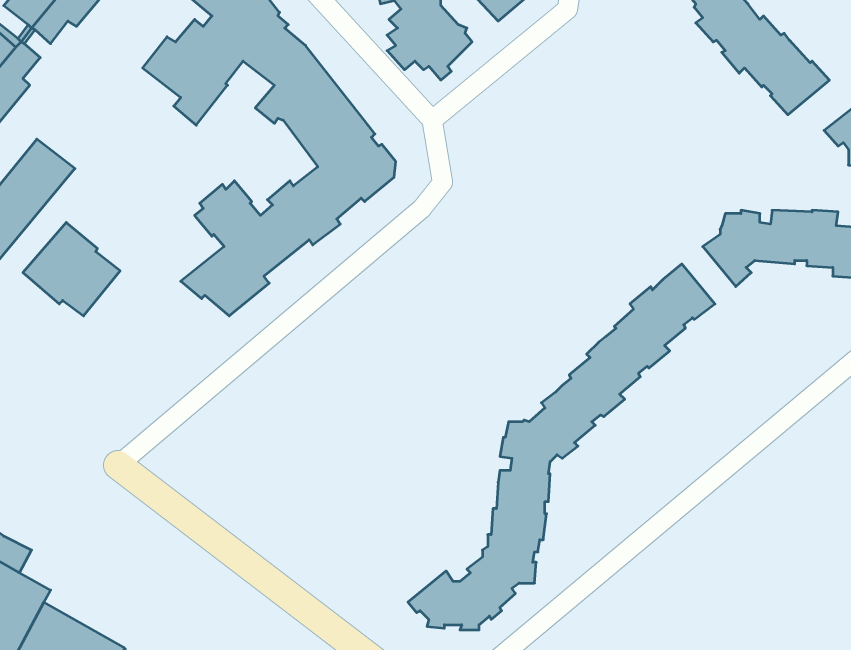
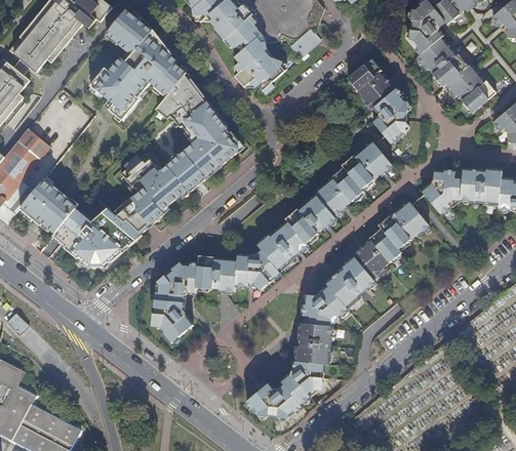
building: none -> [347,59,407,145]
building: none -> [151,142,391,343]
building: none -> [54,206,141,266]

